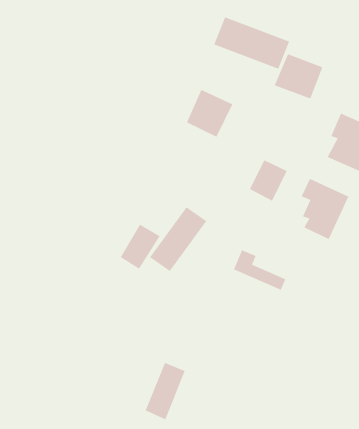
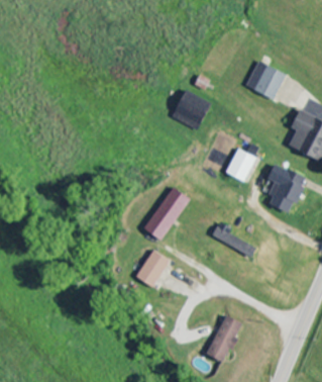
building: [213,17,290,70] -> none
building: [120,224,161,270] -> [136,250,170,287]
building: [145,362,186,420] -> [208,314,241,362]

